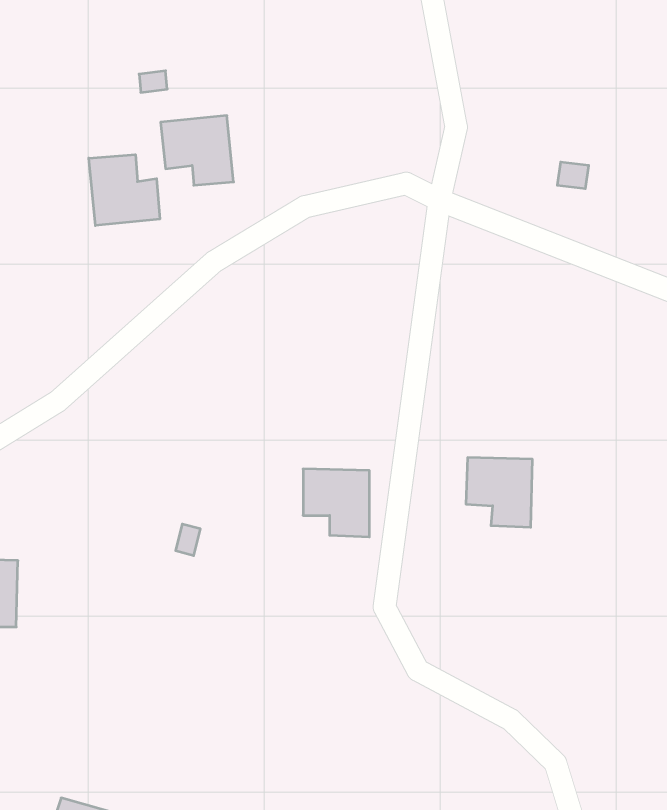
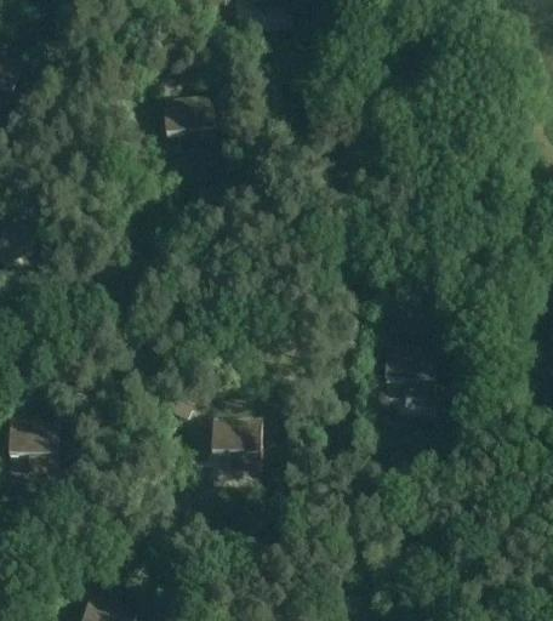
building: [89,155,160,226] -> none
building: [303,469,369,537] -> [210,421,258,471]

